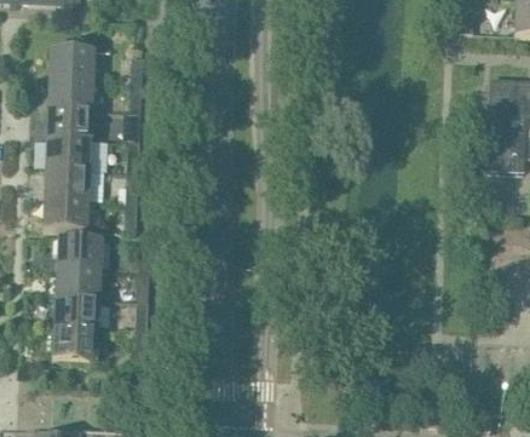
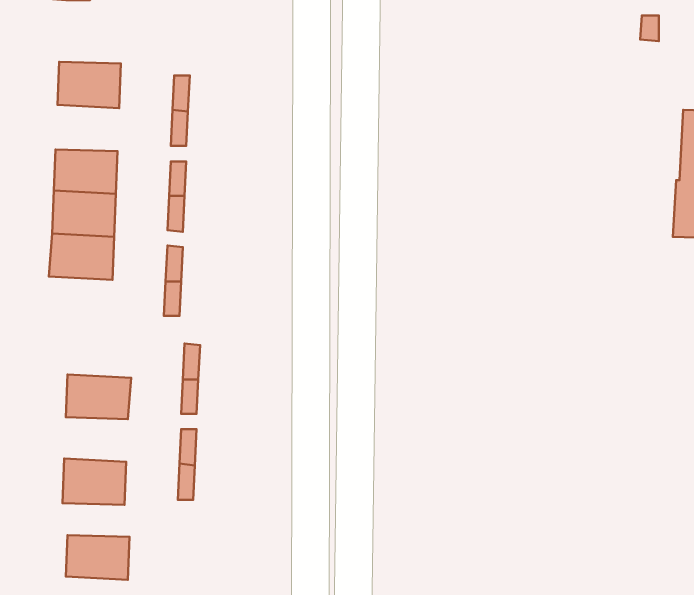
building: [48,76,93,109] -> none
building: [42,197,88,230] -> none
building: [57,235,103,269] -> none
building: [54,297,99,328] -> [66,535,129,580]

